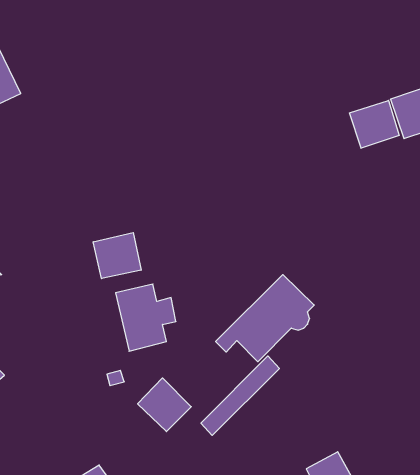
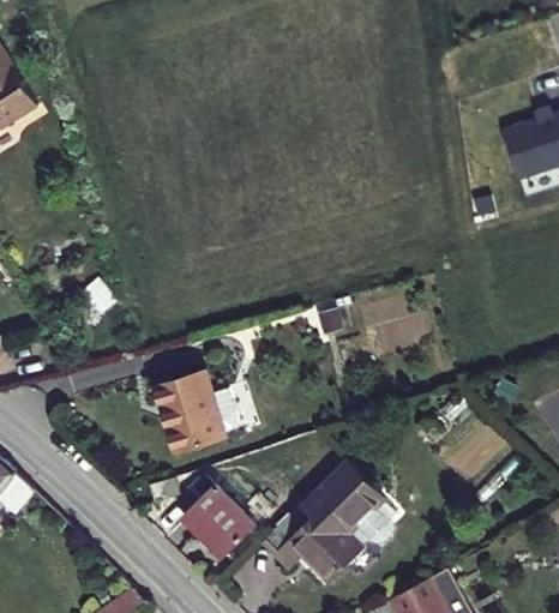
building: [349,100,399,148] -> none
building: [93,233,141,279] -> none
building: [216,275,314,362] -> [276,471,399,581]

